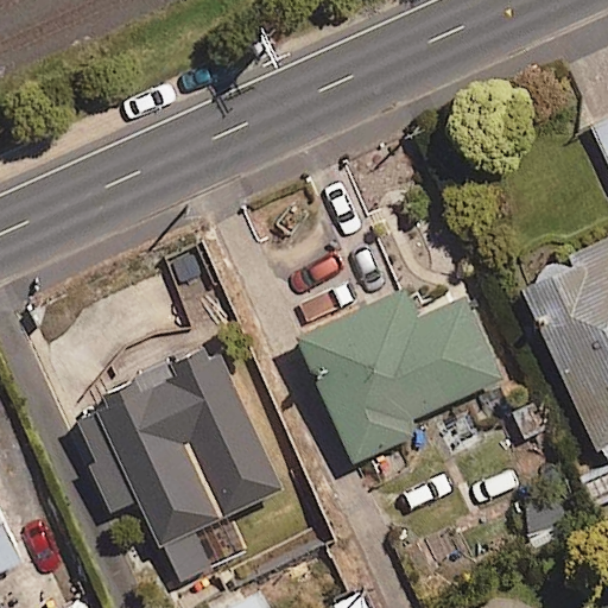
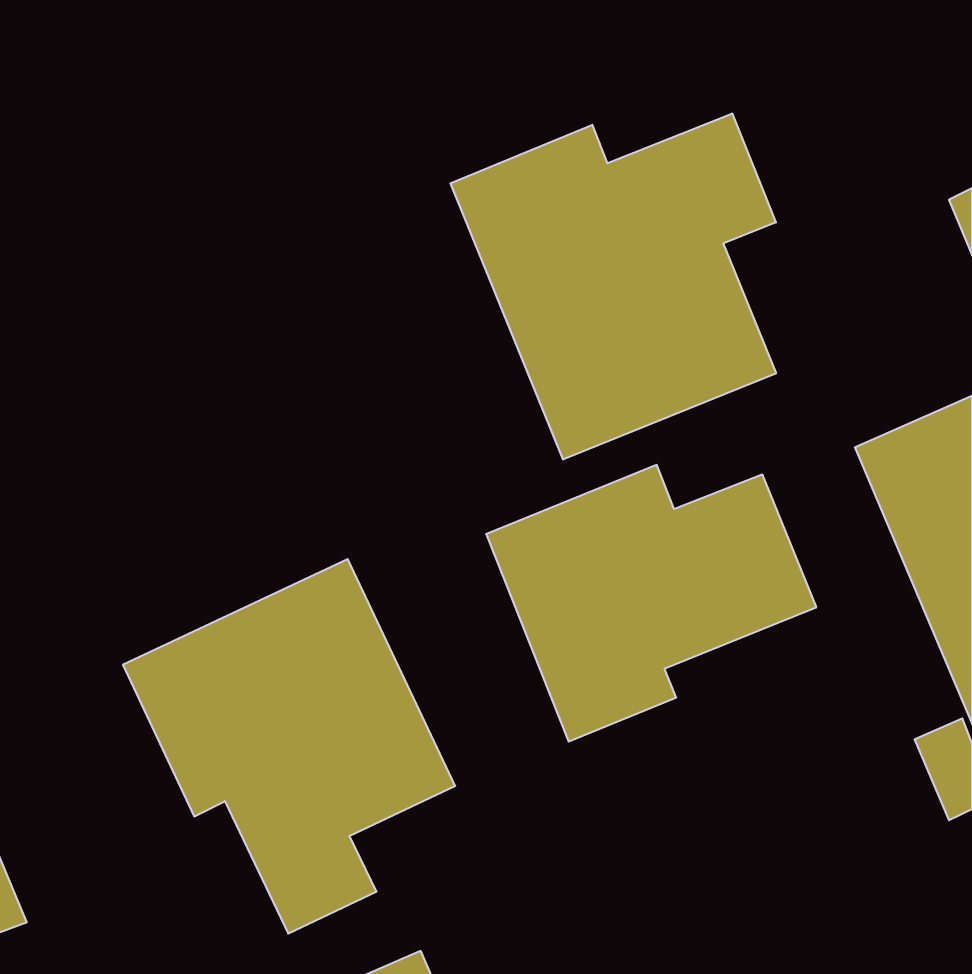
building: none -> [451,113,776,460]

